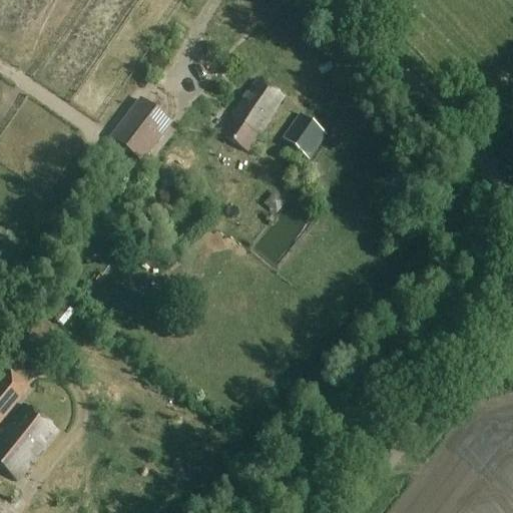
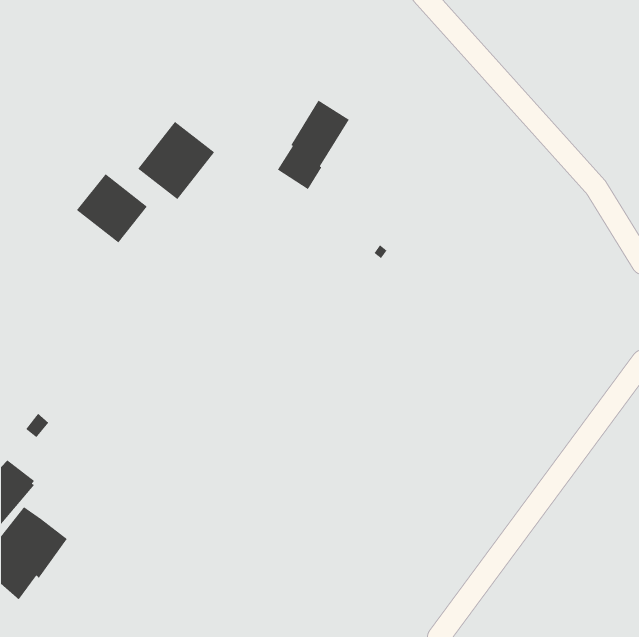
building: [283,110,329,155] -> none
building: none -> [76,173,148,244]

